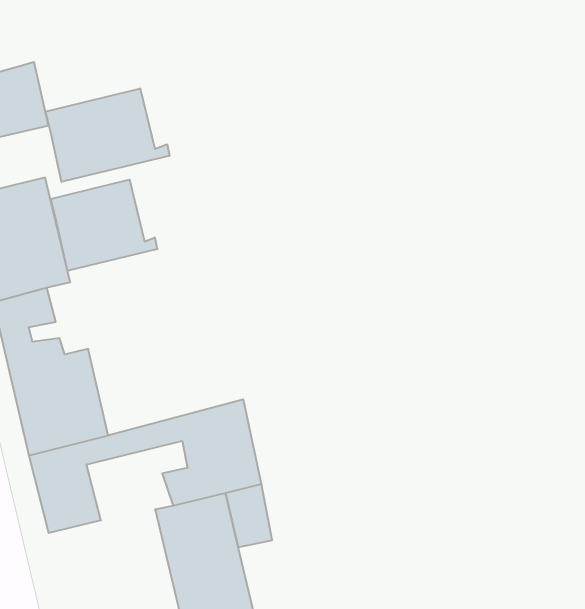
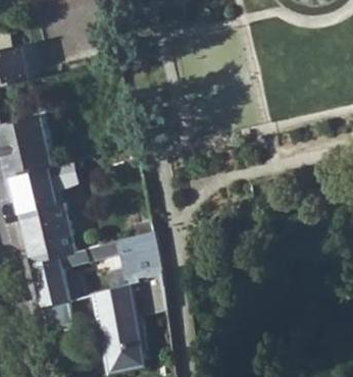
building: [45,88,169,182] -> none
building: [51,180,157,271] -> none

